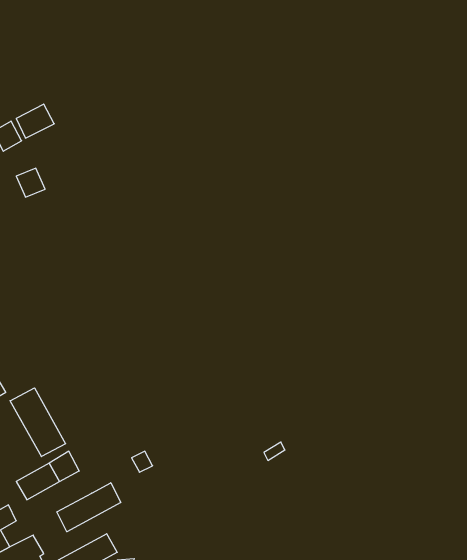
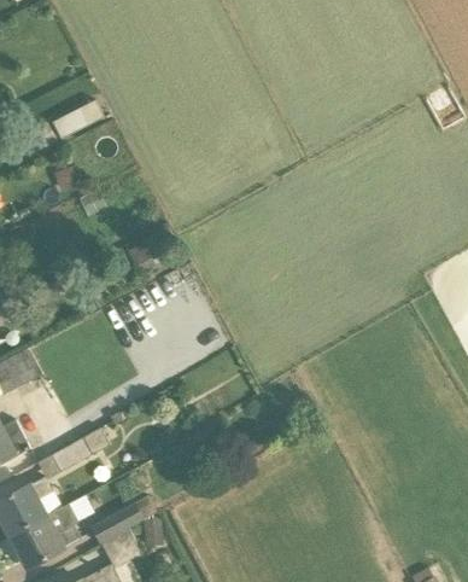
building: [10,388,66,457] -> none
building: [57,483,121,532] -> none

